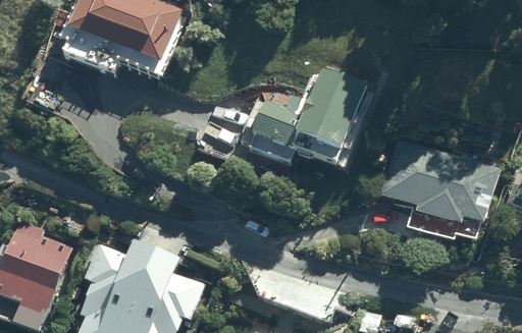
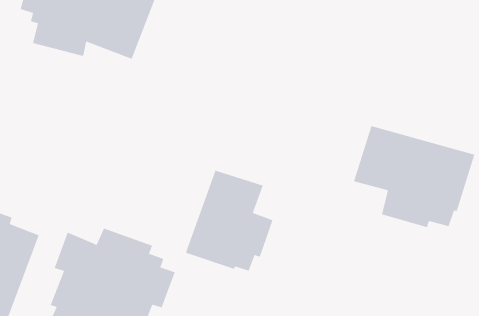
building: [248,66,366,162] -> none
building: none -> [185,170,273,271]

